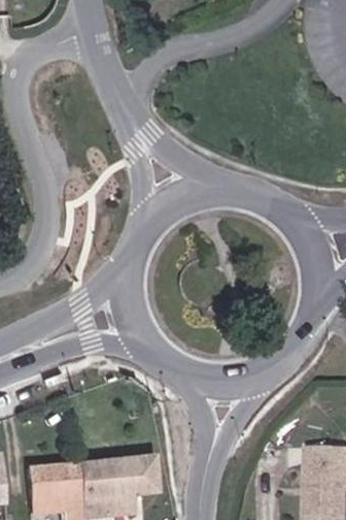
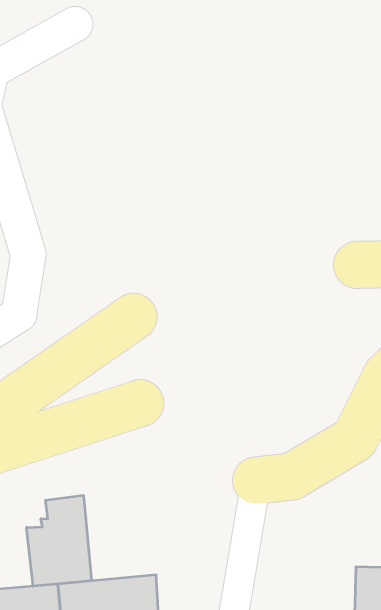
building: none -> [27,495,91,586]

